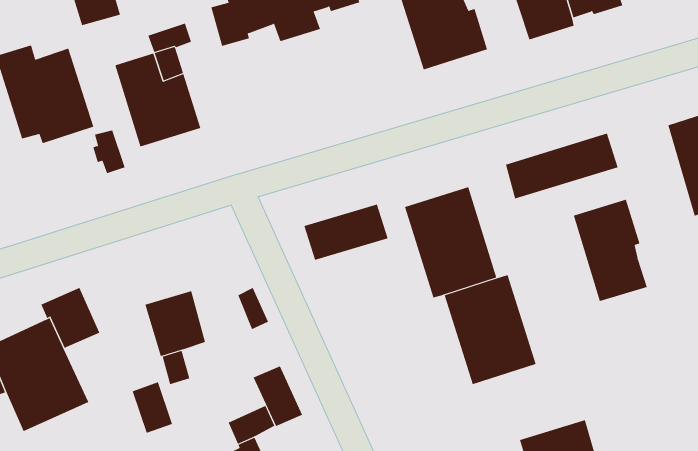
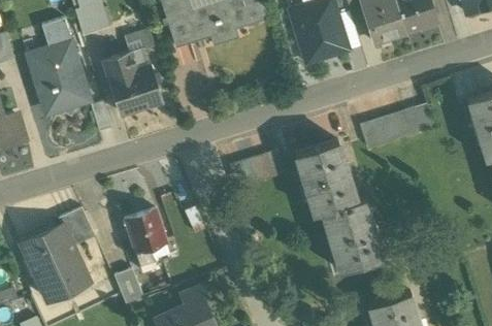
building: none -> [45,26,74,56]
building: [573,199,647,302] -> none
building: [253,365,303,427] -> none

